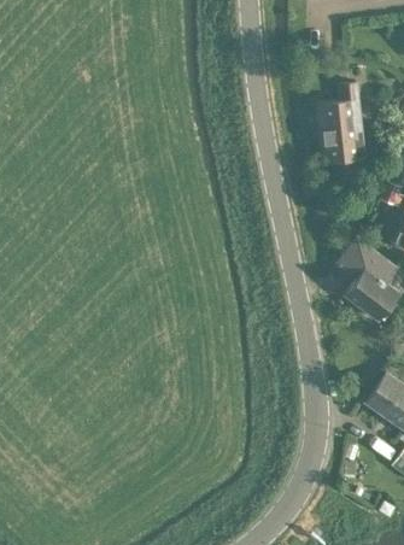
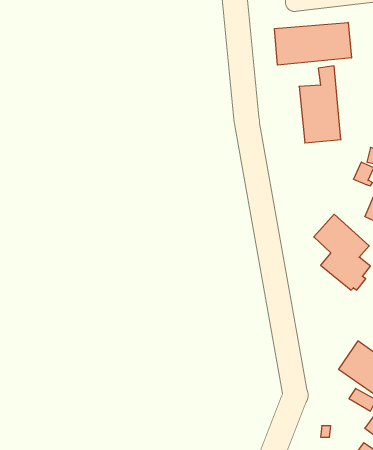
building: none -> [275,22,351,65]

